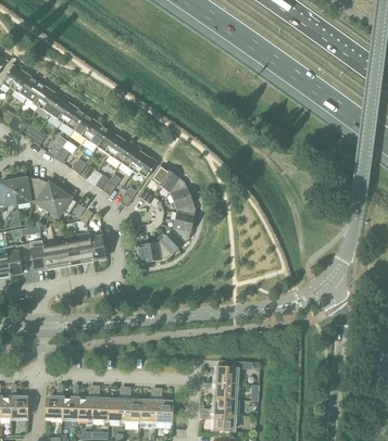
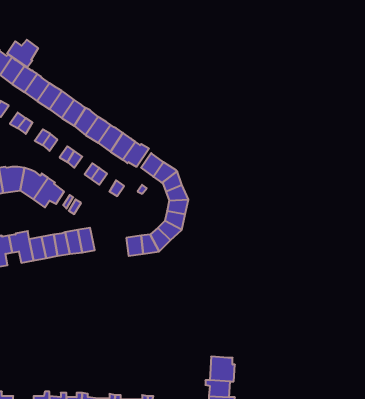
building: none -> [7,40,38,67]

